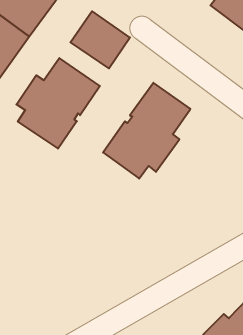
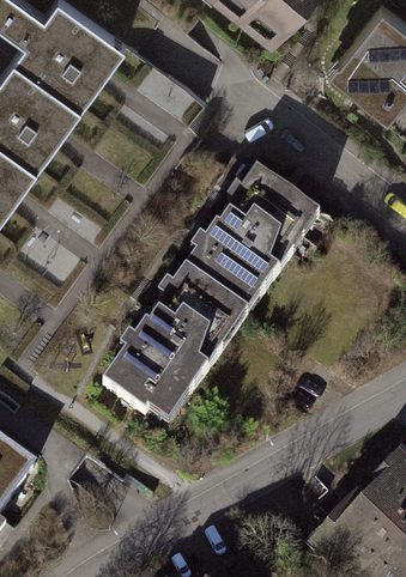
building: [16,58,100,149] -> none
building: none -> [99,273,232,415]

